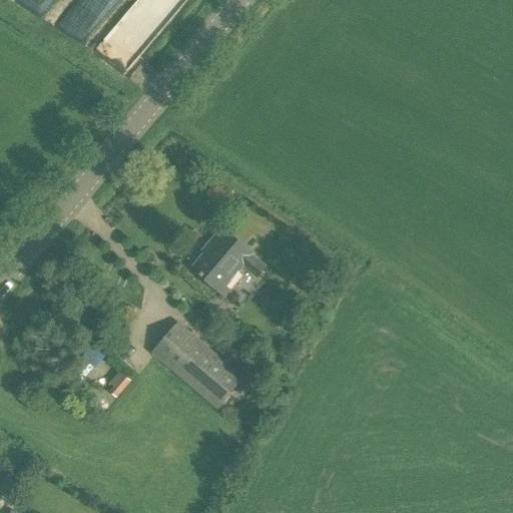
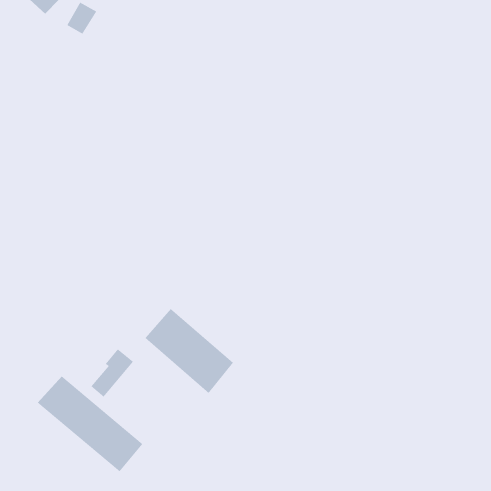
building: [190,226,267,292] -> none
building: none -> [37,375,143,472]

